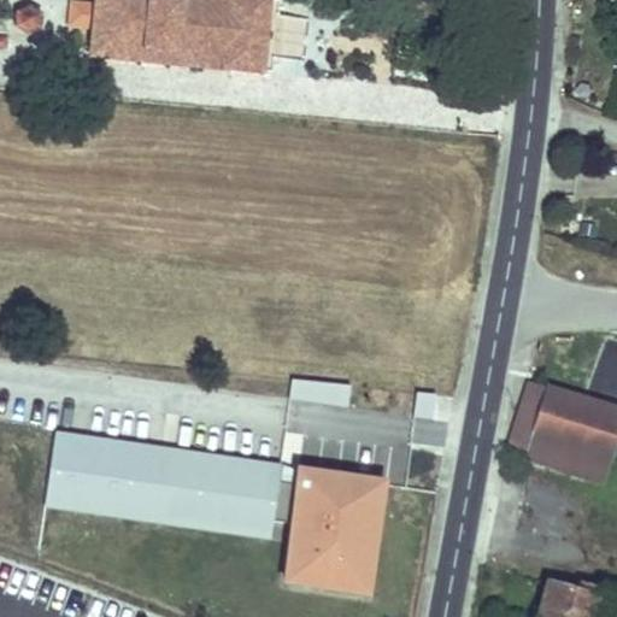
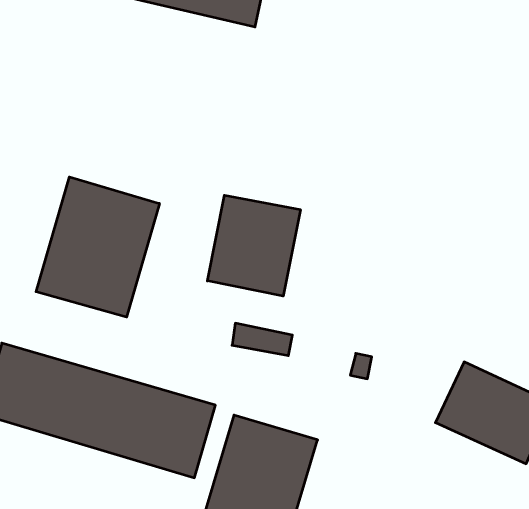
building: none -> [207,195,300,296]
building: none -> [36,177,159,317]

